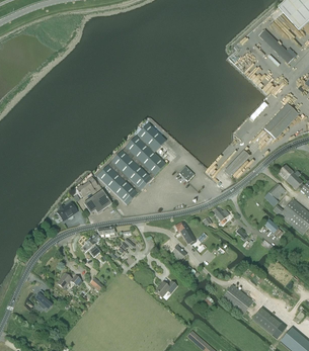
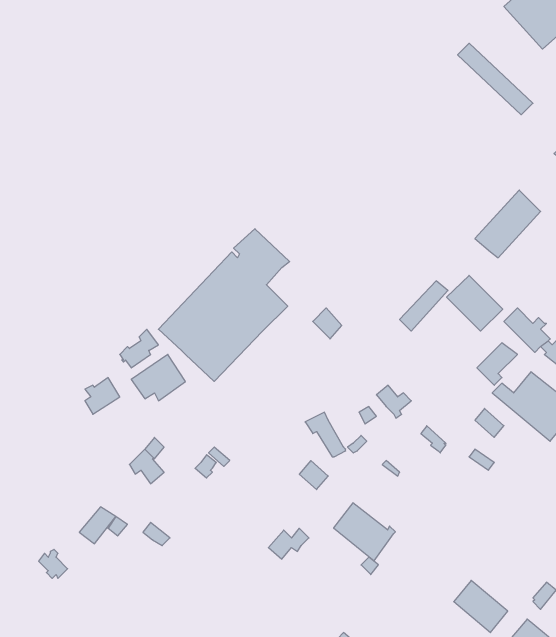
building: none -> [447,275,503,331]
building: [222,284,254,315] -> [334,503,395,561]

